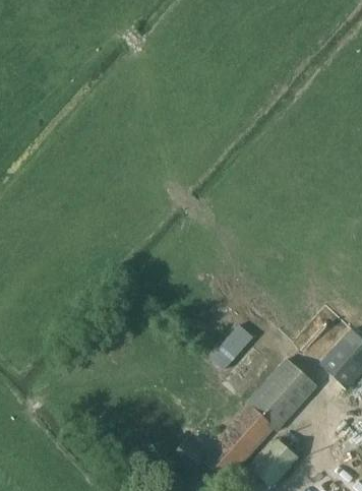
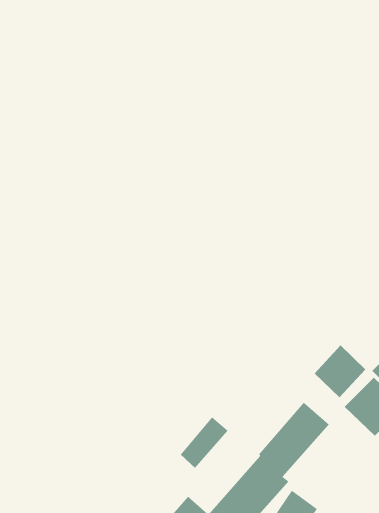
building: none -> [314,345,366,398]
building: [212,326,253,371] -> [180,417,229,469]

